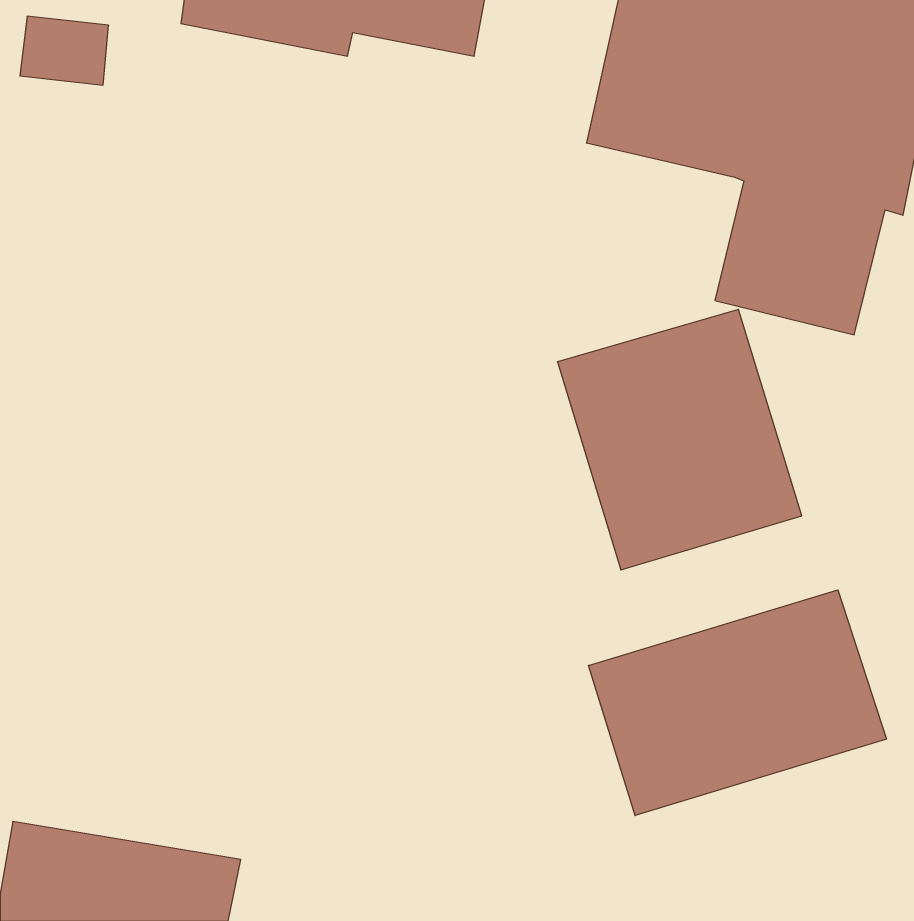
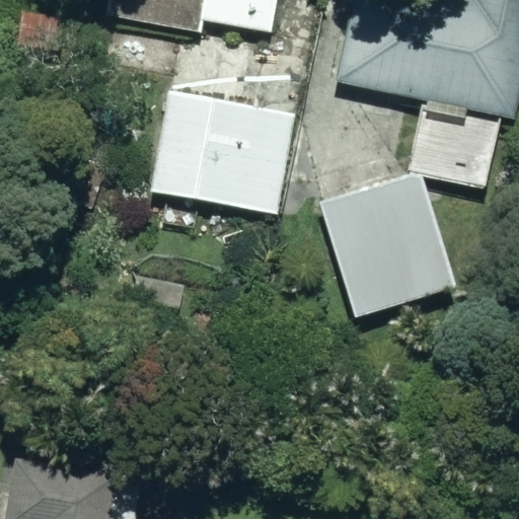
building: none -> [151,92,296,211]
building: [588,590,886,816] -> none

